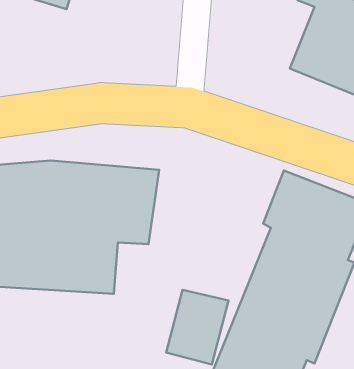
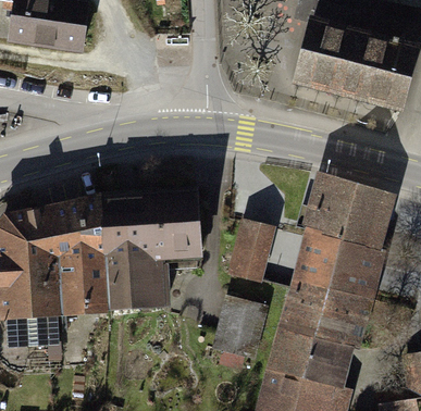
building: none -> [223,222,272,286]

